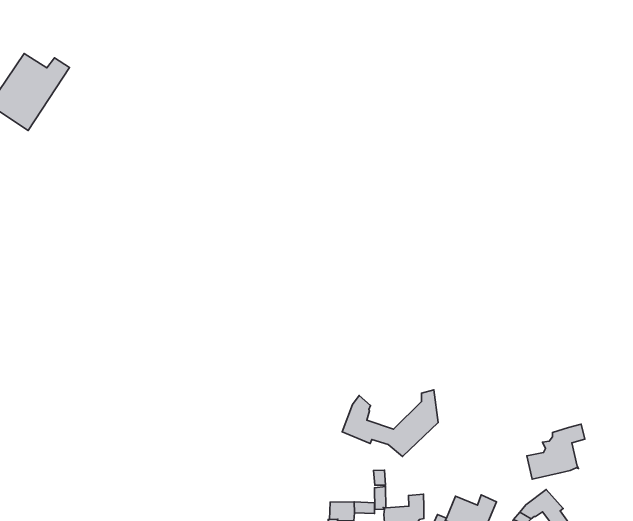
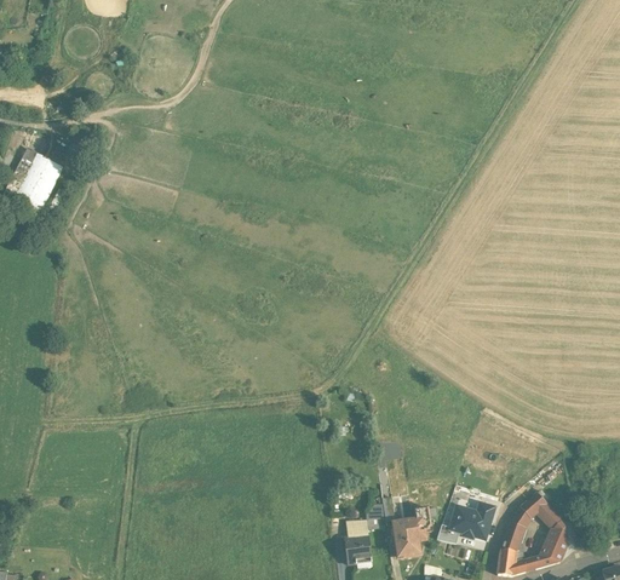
building: [342,390,438,457] -> none
building: [527,424,585,479] -> none

